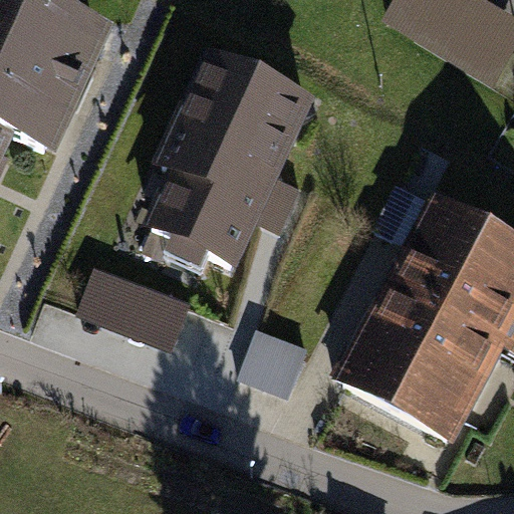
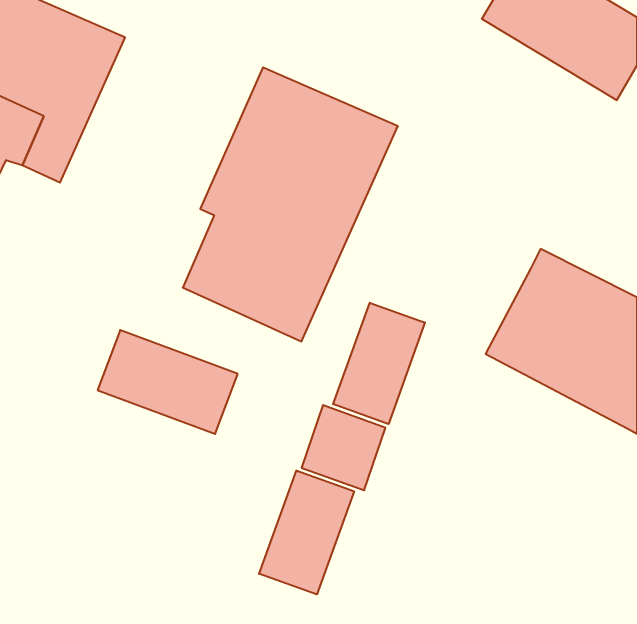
building: none -> [333,303,425,424]
building: [336,284,504,445] -> none
building: none -> [259,471,354,594]

